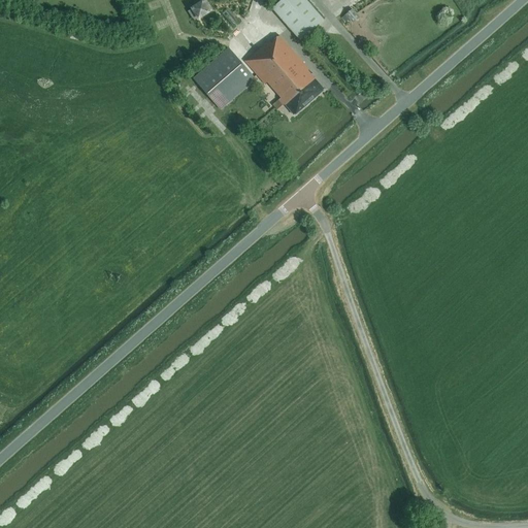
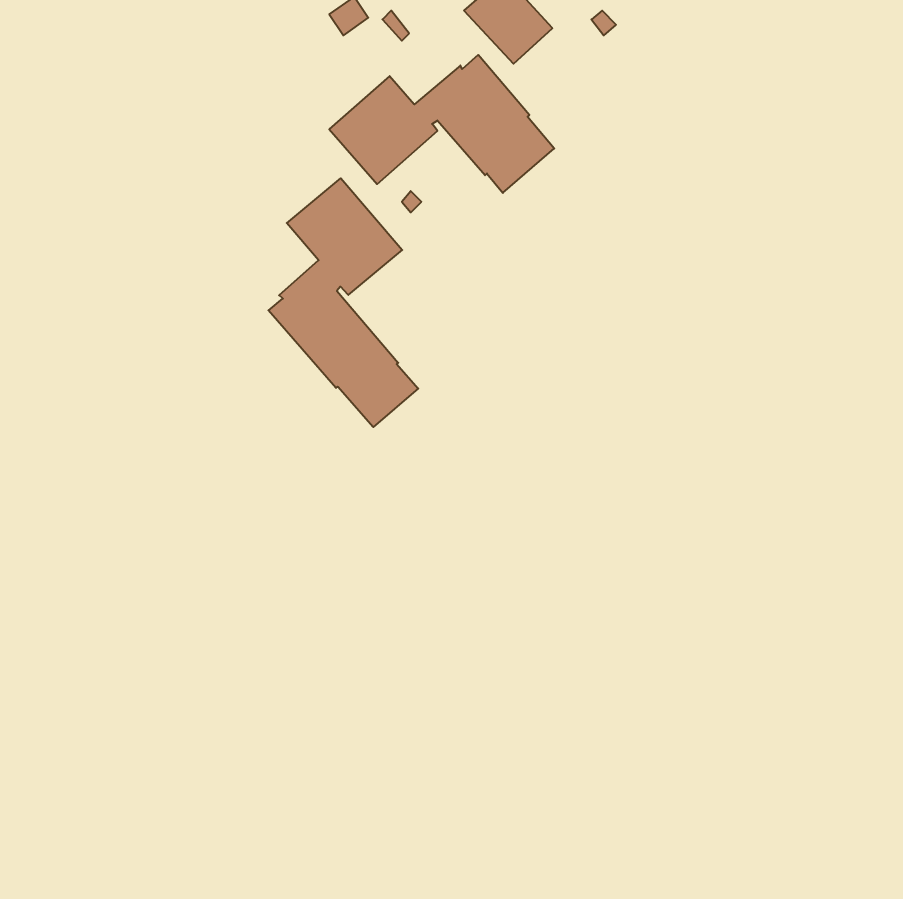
building: none -> [268,178,418,427]

